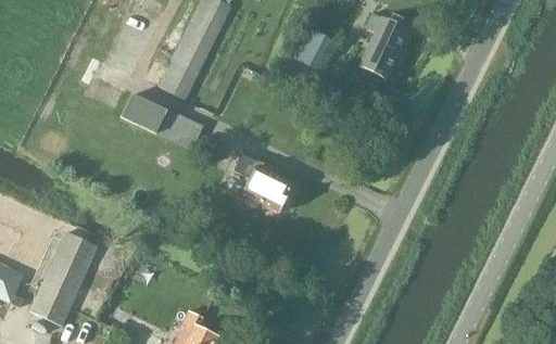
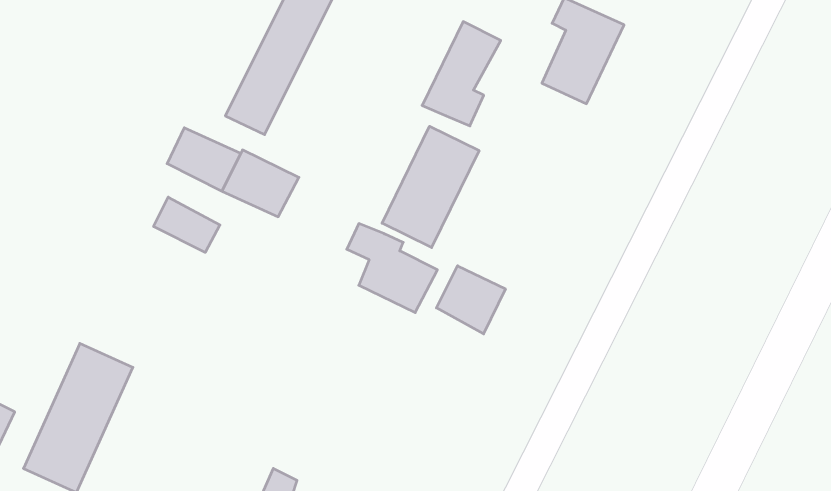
building: none -> [382,126,479,248]
building: none -> [154,197,220,252]
building: none -> [436,266,505,334]

